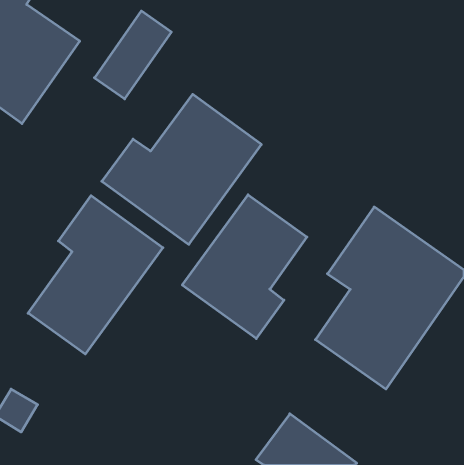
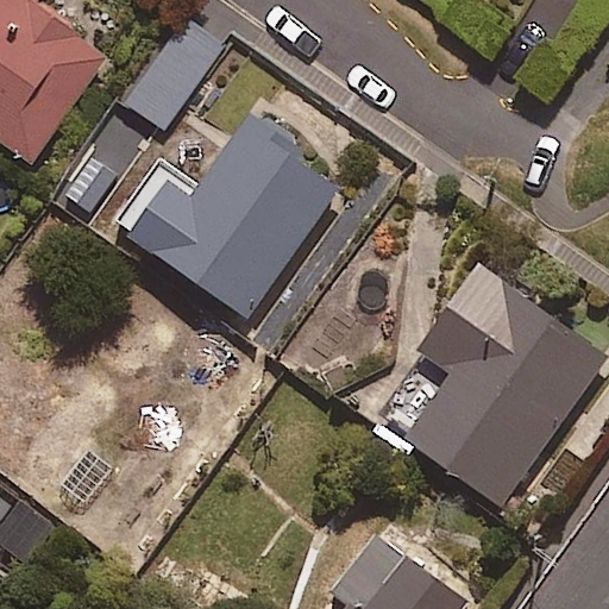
building: [182,195,307,339] -> none
building: [28,196,163,354] -> none

